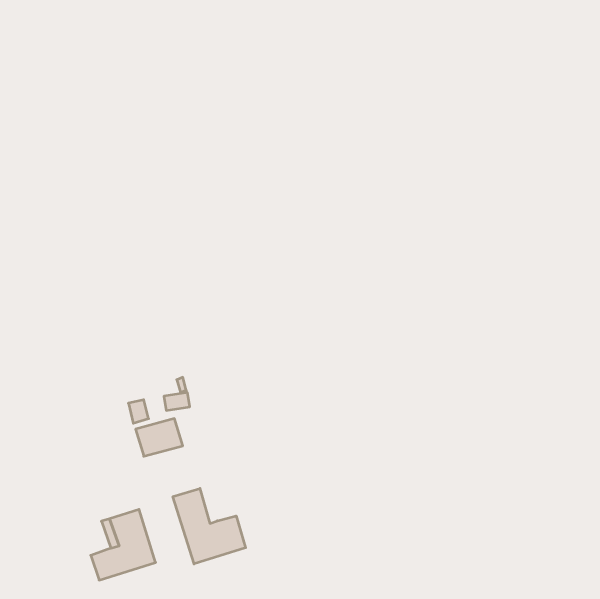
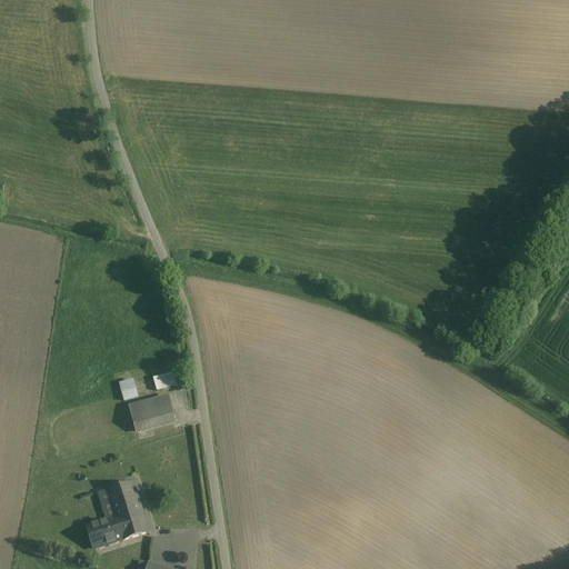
building: [173,488,246,564] -> none

